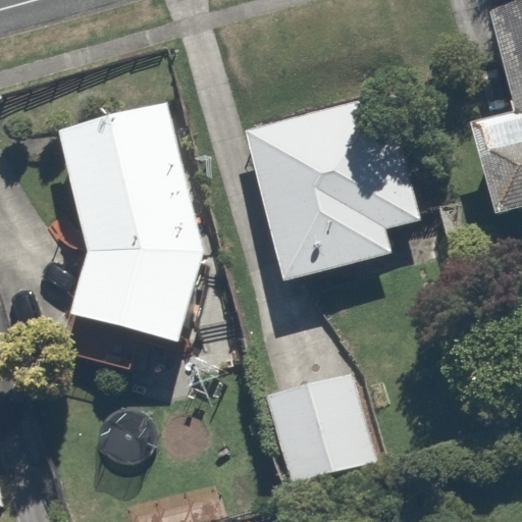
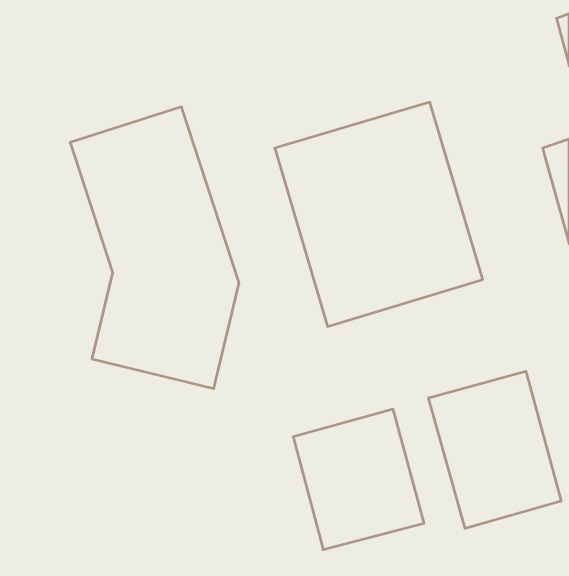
building: none -> [429,371,561,528]

